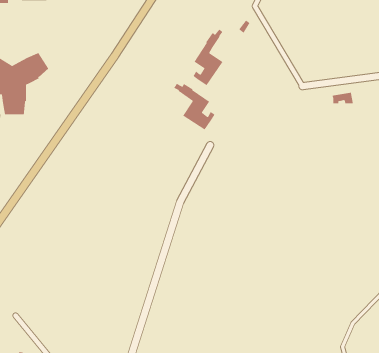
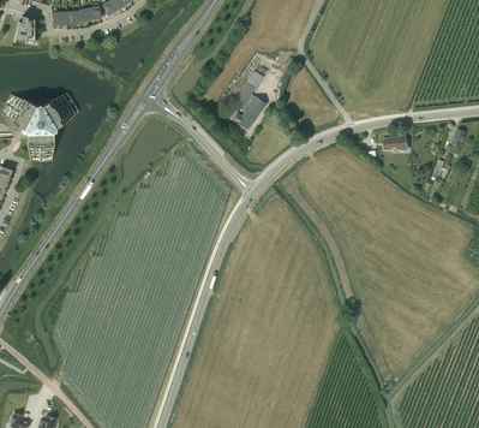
building: [173,83,215,131] -> none

